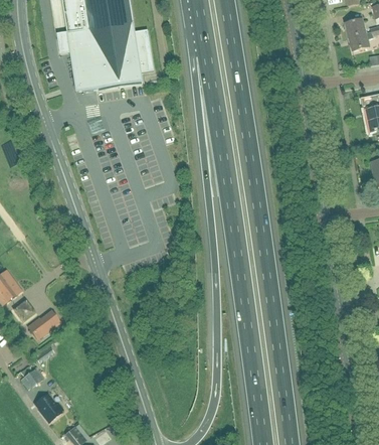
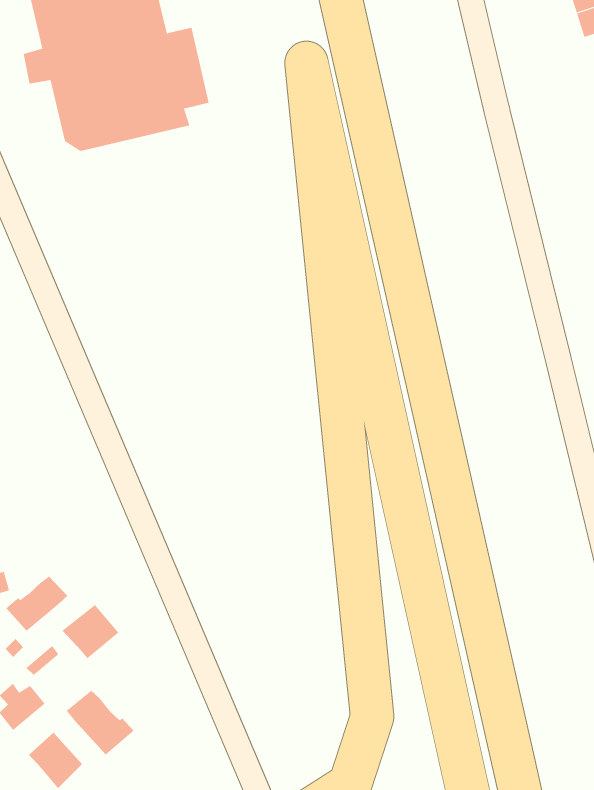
building: none -> [61,604,119,659]
building: none -> [66,690,134,756]

